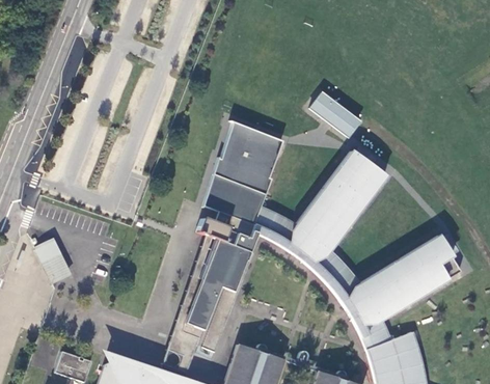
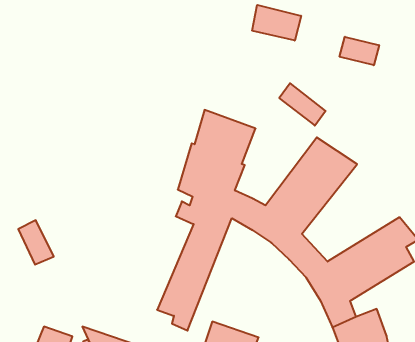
building: none -> [252,5,301,41]
building: none -> [340,37,379,65]

